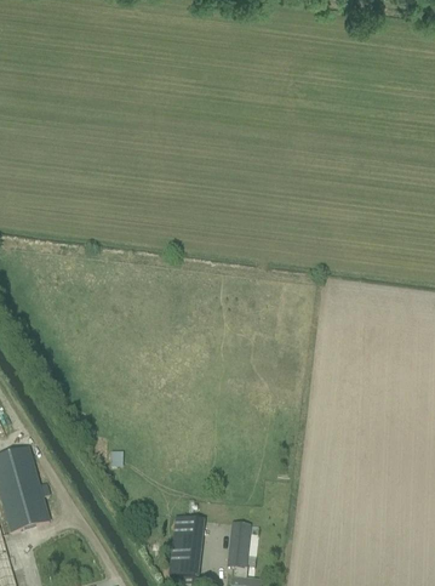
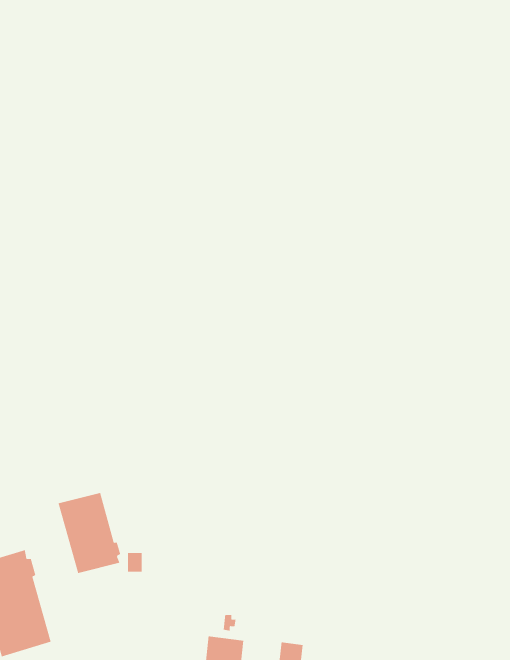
building: none -> [58,492,121,574]

